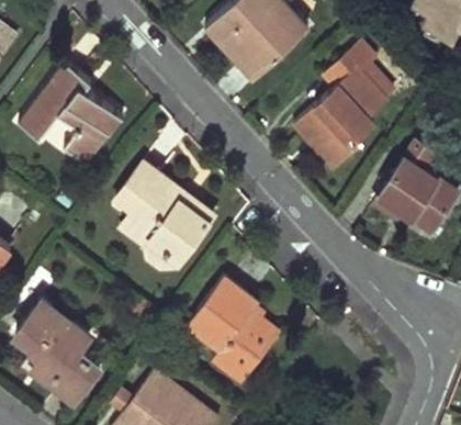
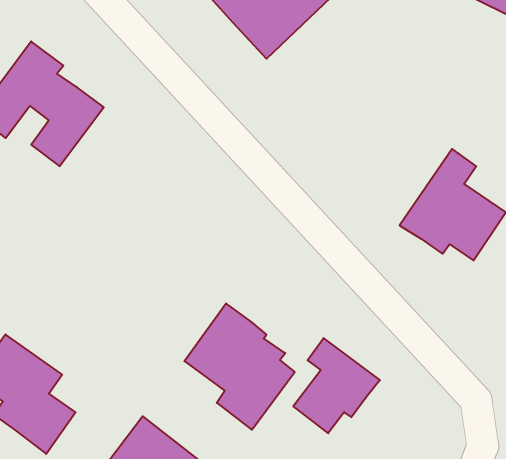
building: [292,38,400,166] -> none
building: [111,172,207,278] -> none
building: none -> [293,338,380,433]

